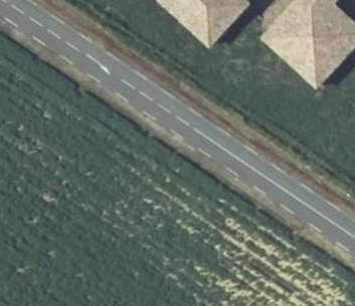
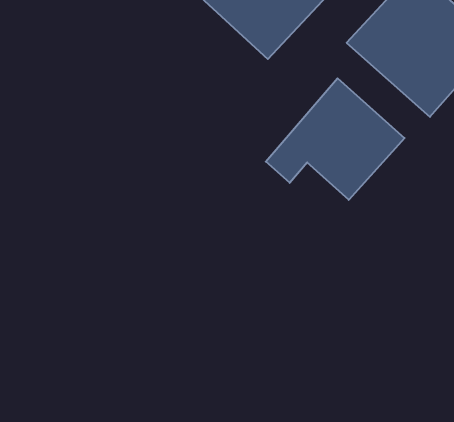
building: none -> [266,78,405,200]

